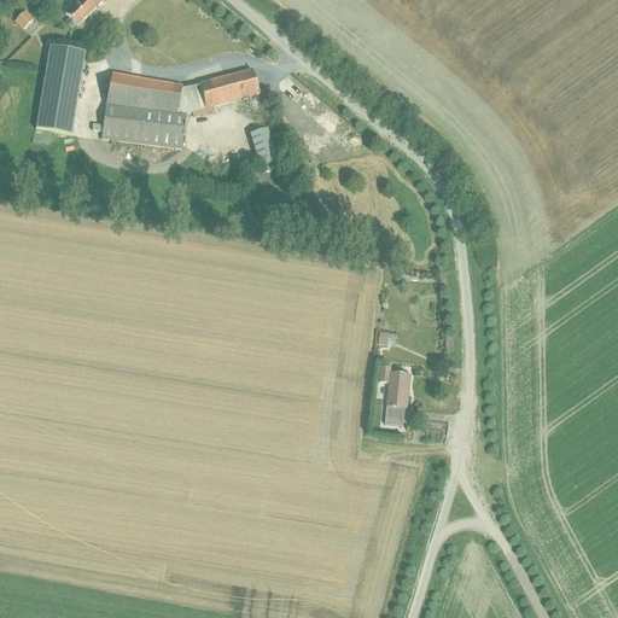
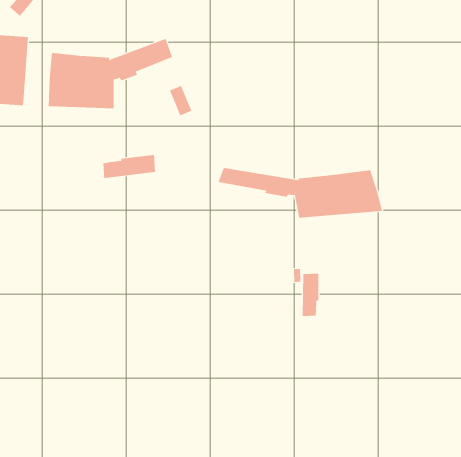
building: none -> [103,154,155,179]
building: none -> [218,167,383,218]

